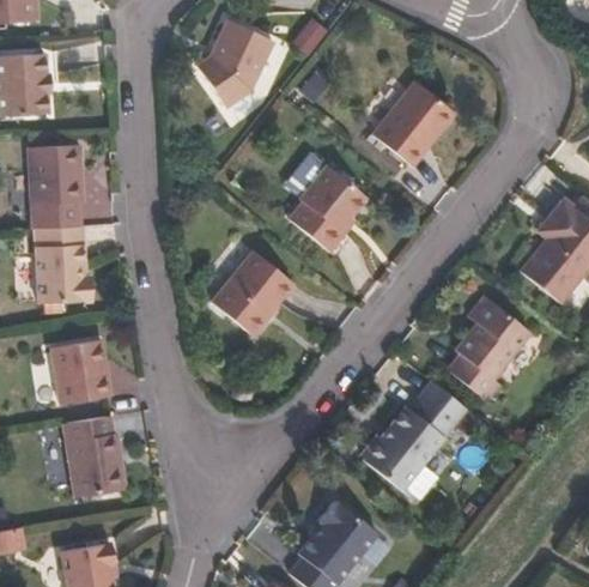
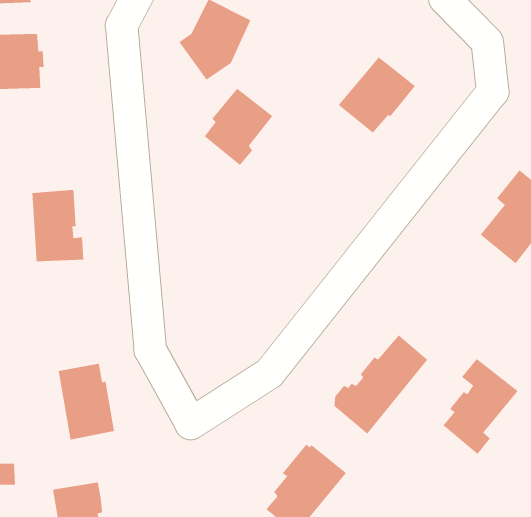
building: [29,144,84,228] -> none
building: [289,165,364,250] -> [204,88,273,166]
building: [208,249,291,335] -> none
building: [451,299,534,405] -> [443,358,518,455]
building: [53,339,111,404] -> none

